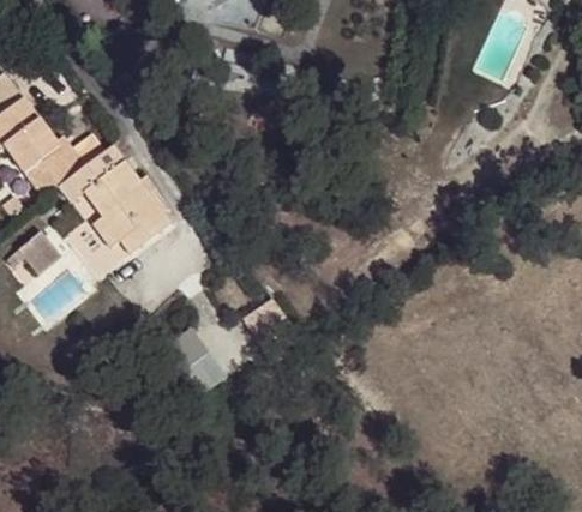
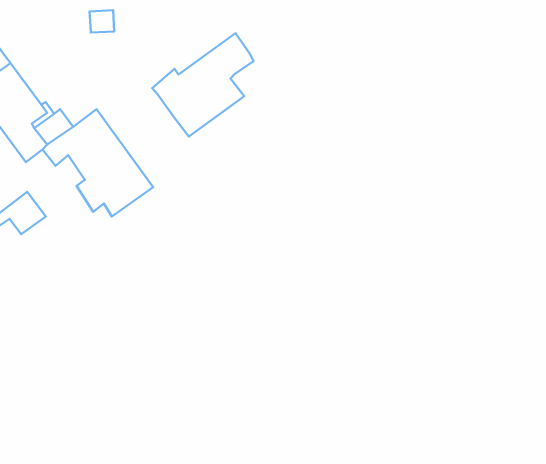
building: none -> [152,33,254,137]

